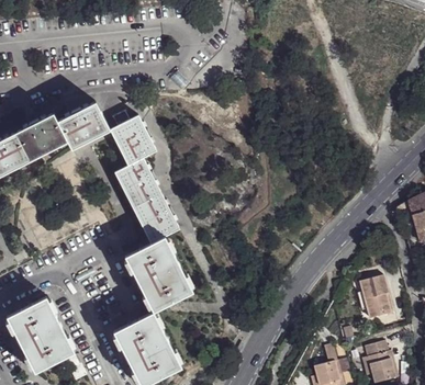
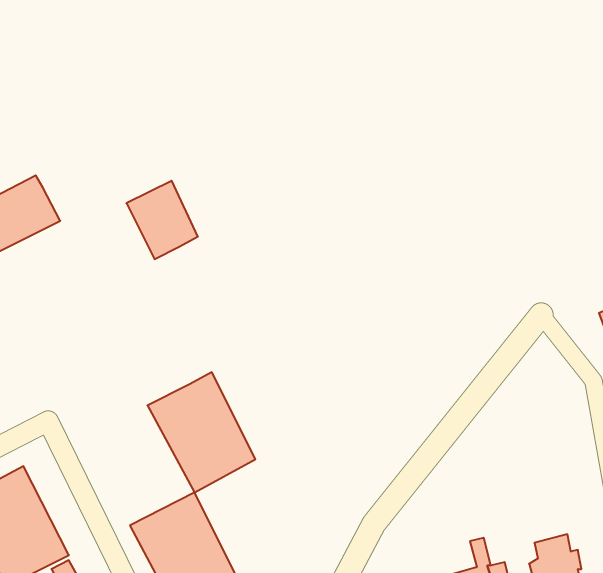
building: [57,103,110,150] -> none
building: [113,159,179,246] -> none
building: [359,274,393,317] -> none

